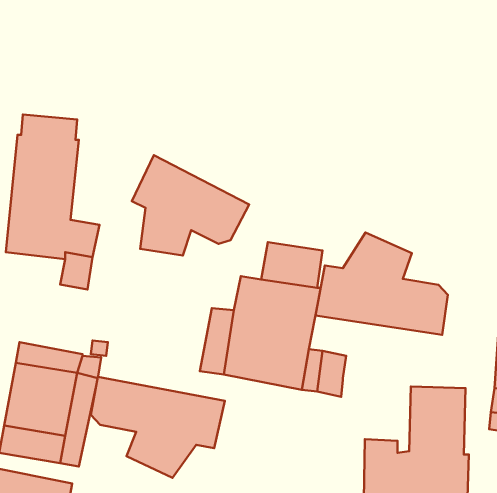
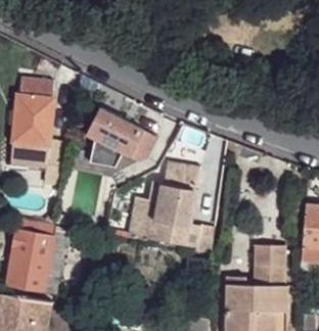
building: [316,233,448,335] -> none
building: [91,377,225,478] -> none

